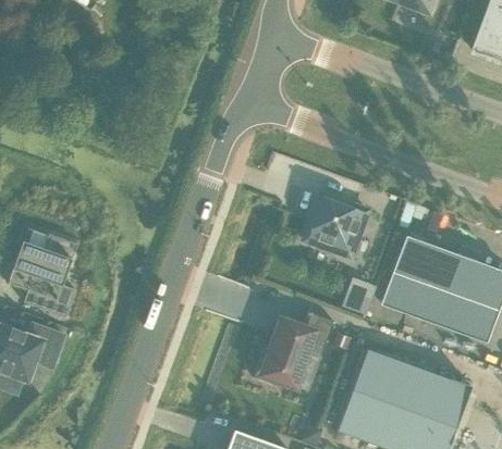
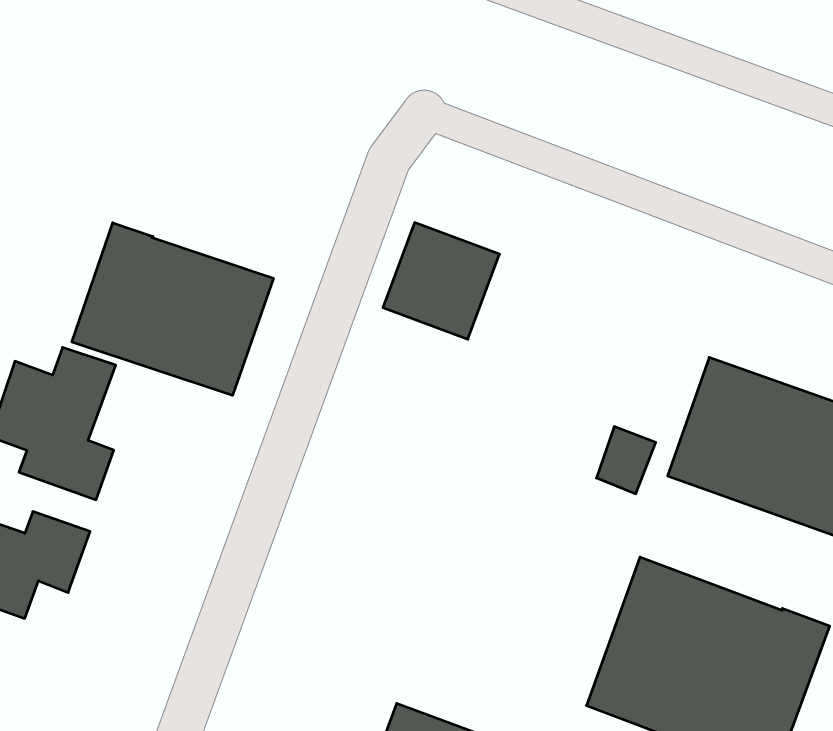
building: none -> [72,223,273,395]
building: [305,194,369,258] -> [383,223,500,339]
building: [254,307,334,387] -> none

